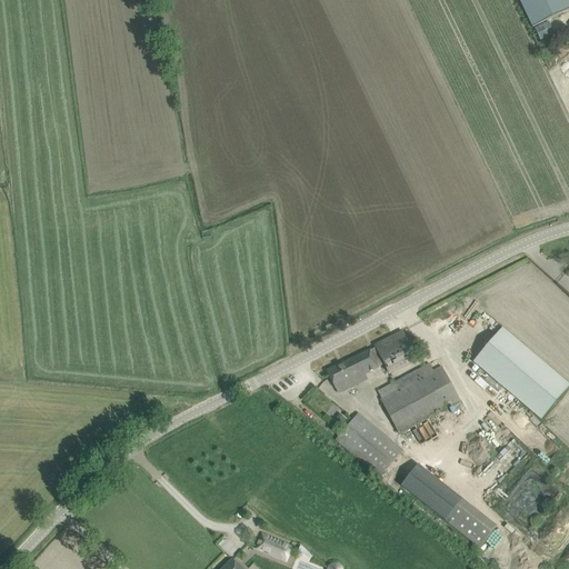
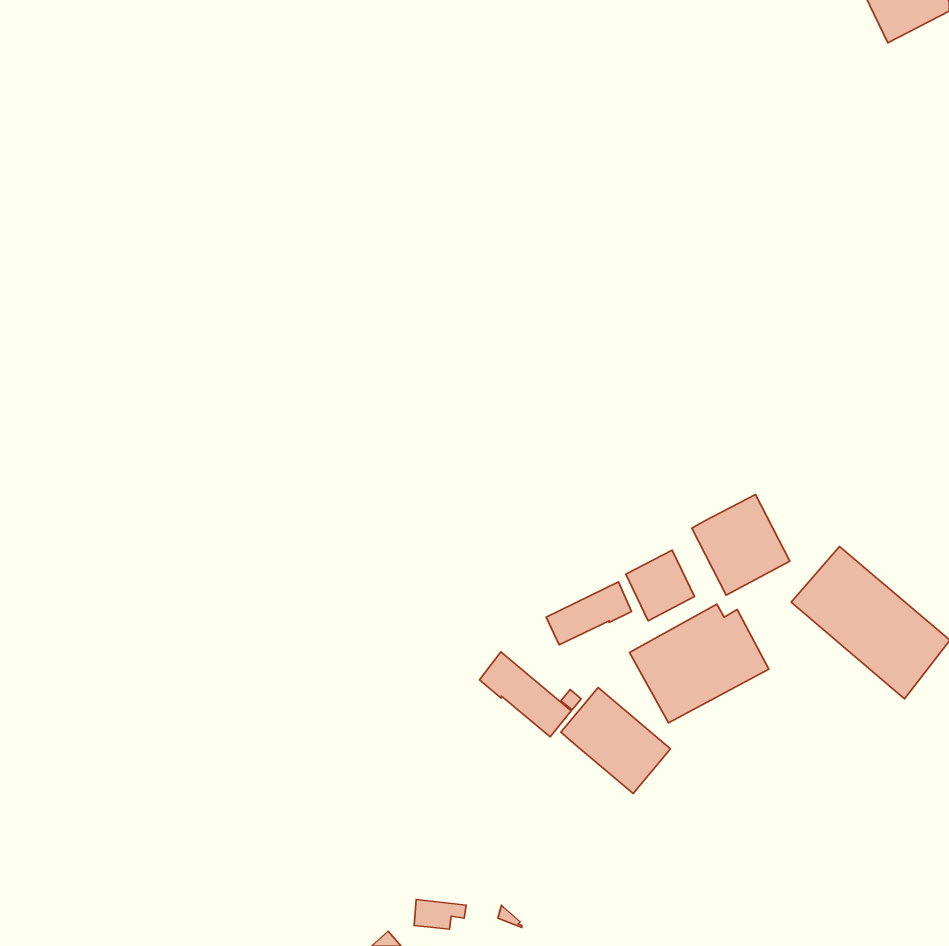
building: none -> [692,494,790,595]
building: none -> [480,652,571,737]
building: [400,462,498,545] -> none

